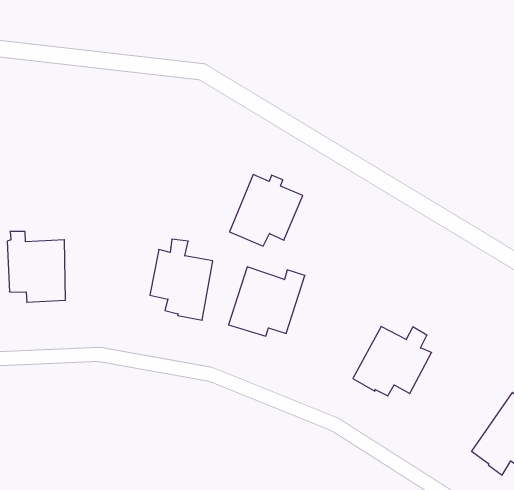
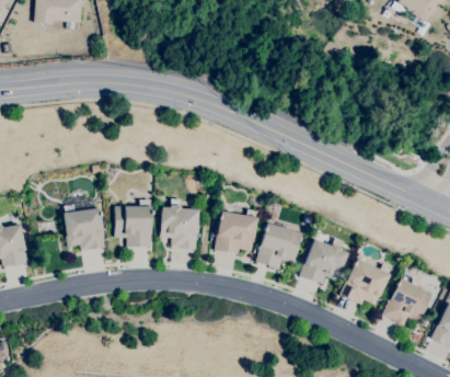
building: [230,175,303,246] -> [257,221,302,269]
building: none -> [115,199,153,247]
building: none -> [341,258,393,306]

